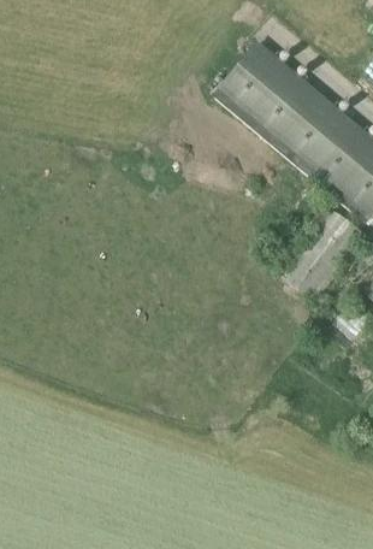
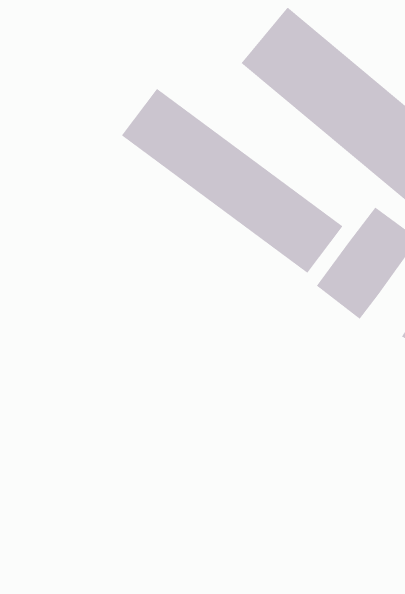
building: none -> [121,88,343,274]

